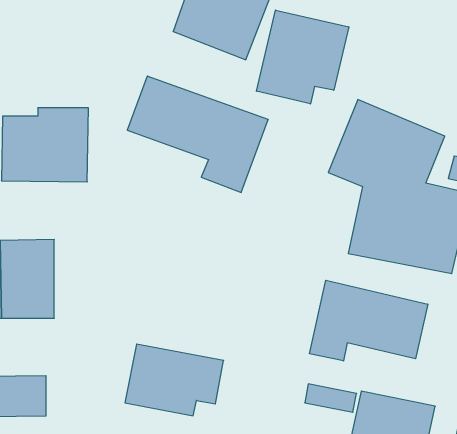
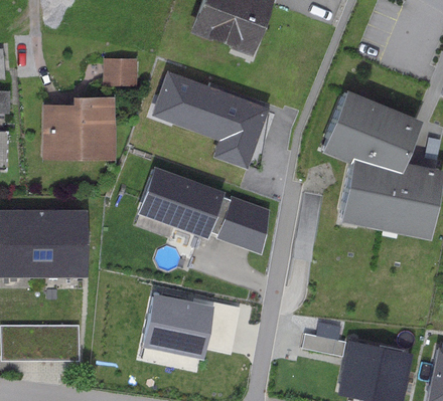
building: [256,10,349,104] -> none
building: none -> [104,58,138,86]
building: none -> [136,166,271,255]
building: [310,280,428,361] -> none

